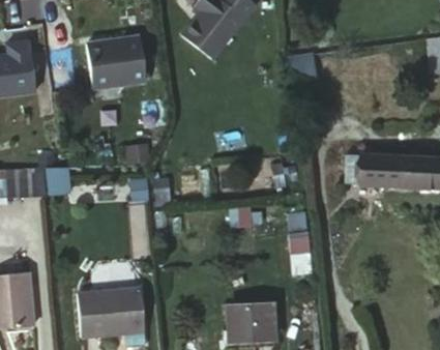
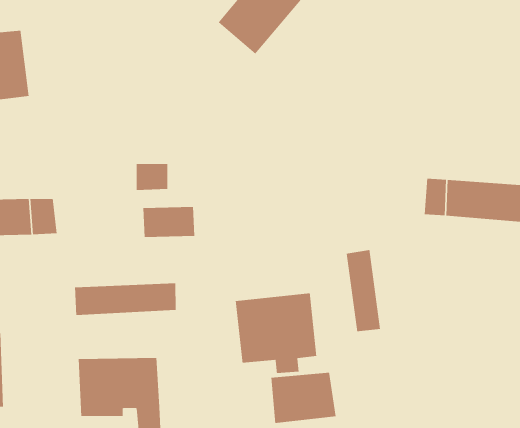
building: [90,37,146,87] -> none
building: none -> [75,282,176,316]
building: none -> [235,292,317,374]

